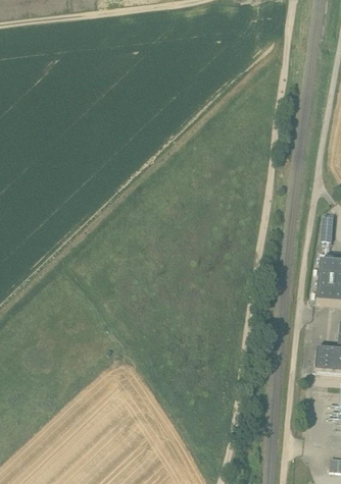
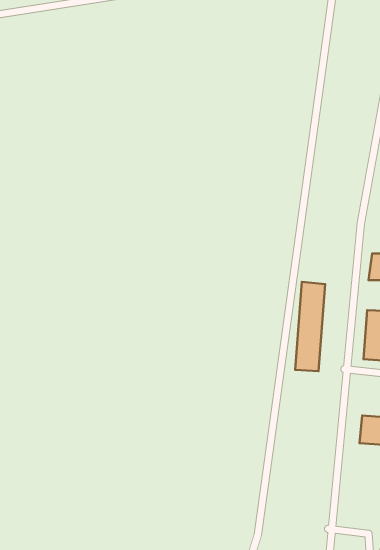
building: none -> [295,282,325,371]

